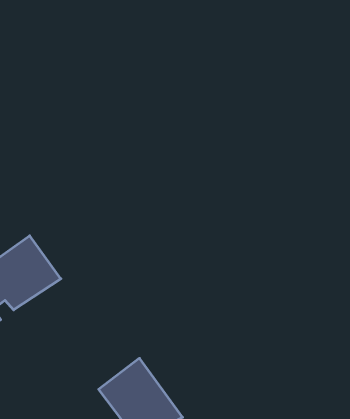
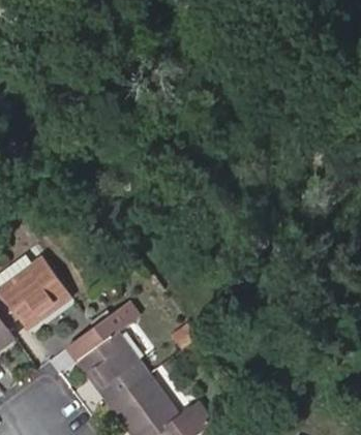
building: none -> [77,314,148,403]

